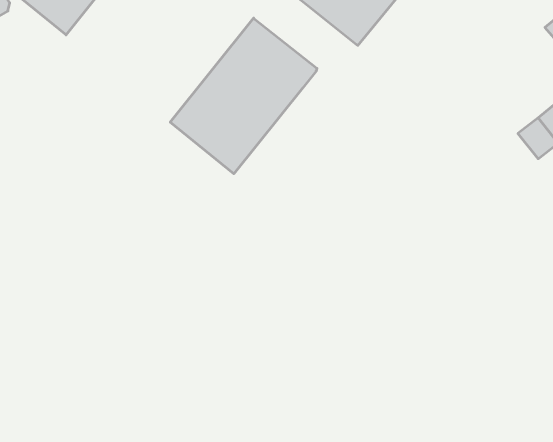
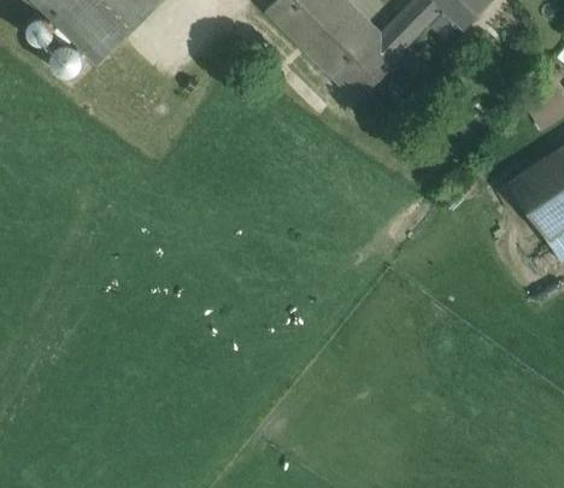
building: [170,18,317,174] -> none

